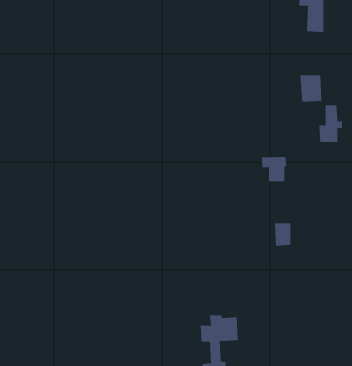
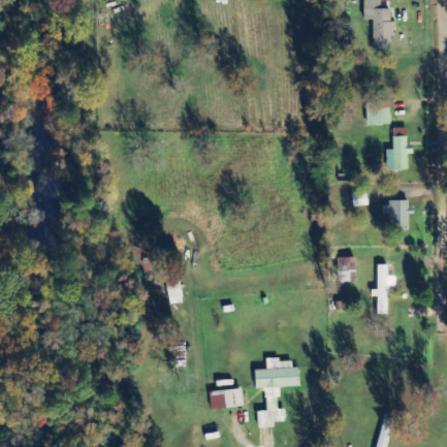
building: [261,156,287,182] -> [381,200,410,228]
building: none -> [376,263,394,314]
building: none -> [210,387,249,408]

